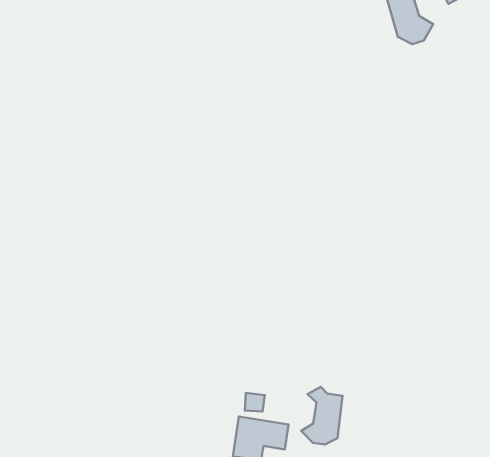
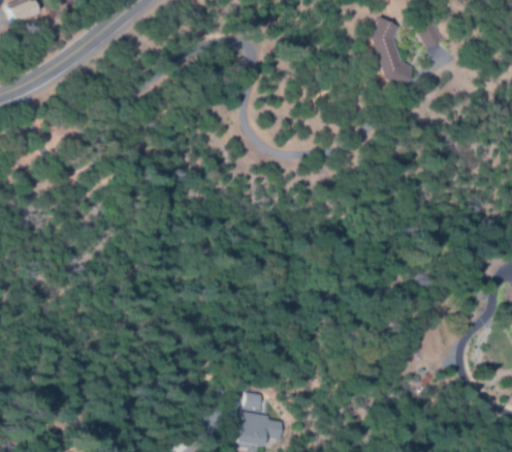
building: [301,387,343,444] -> none

